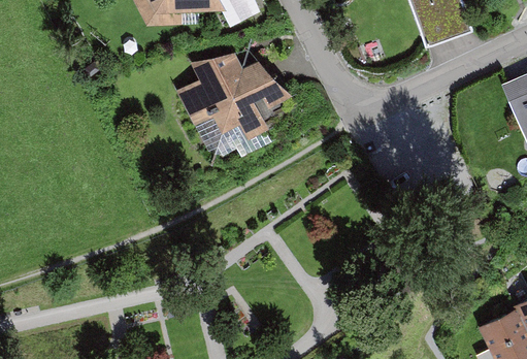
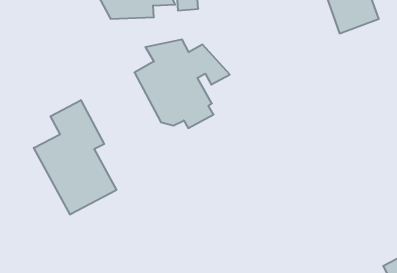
building: none -> [34,100,116,215]

